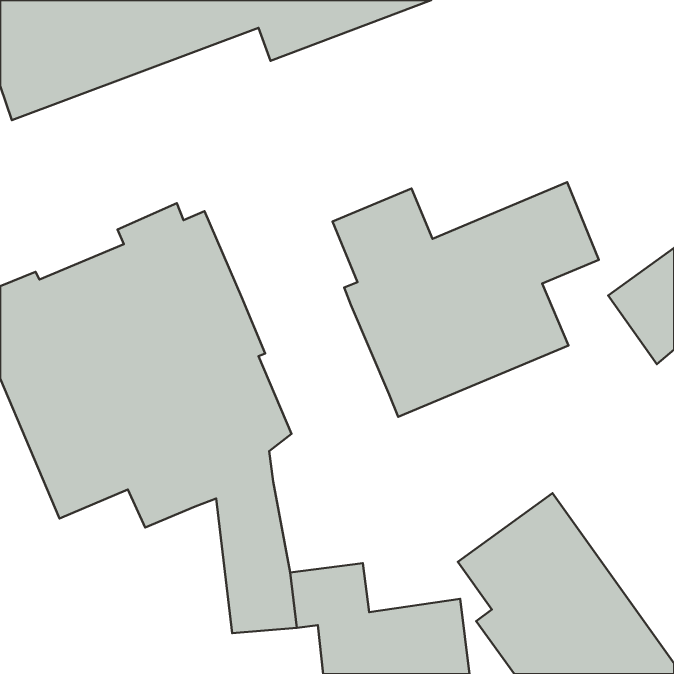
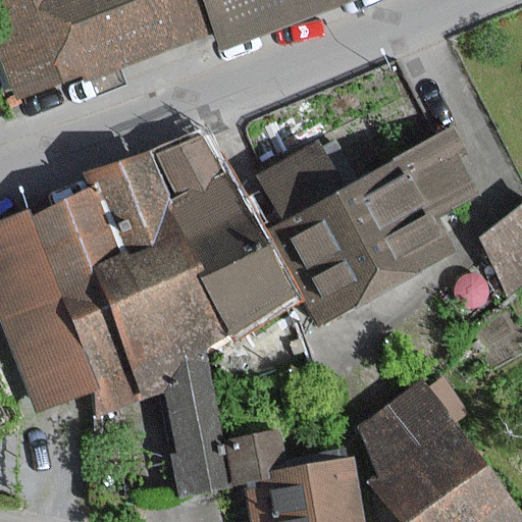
building: none -> [158,143,301,335]

